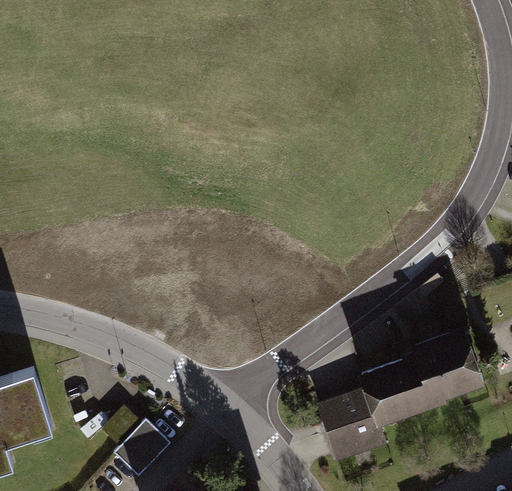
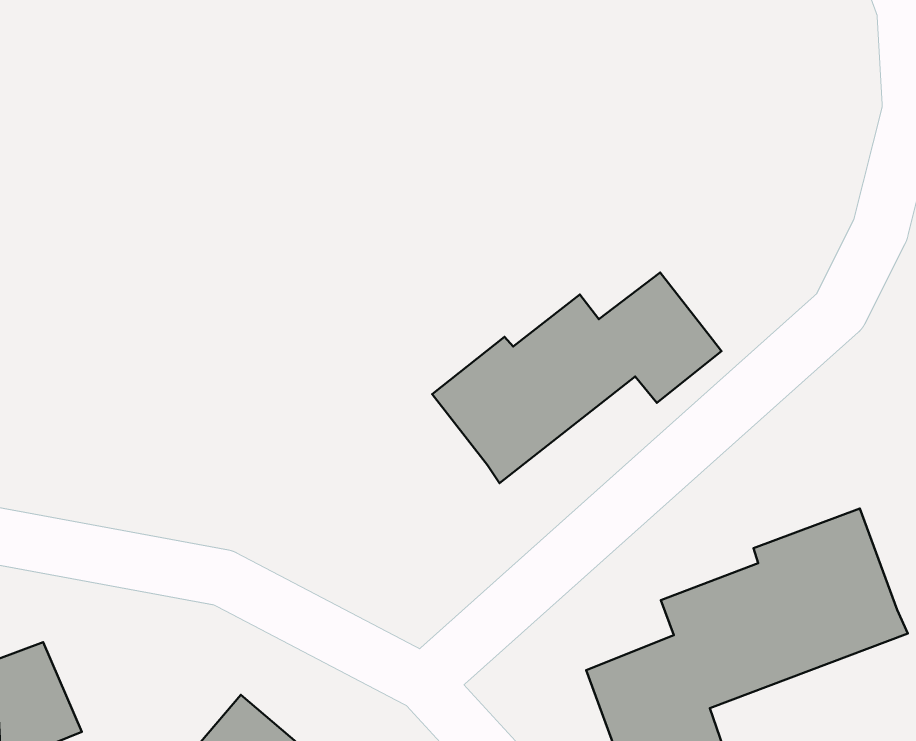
building: none -> [432,273,721,483]

